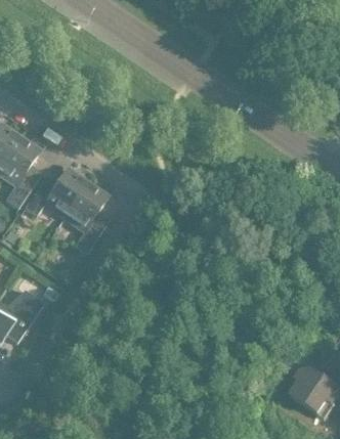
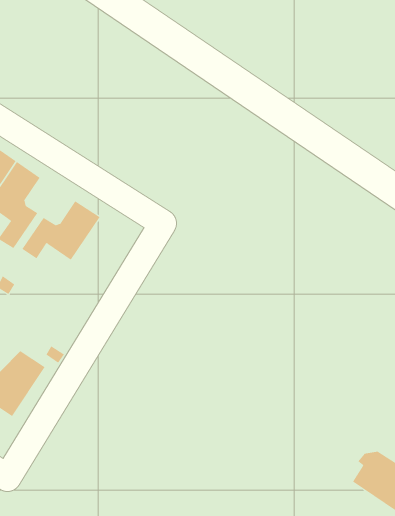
building: [63,181,108,253] -> none

